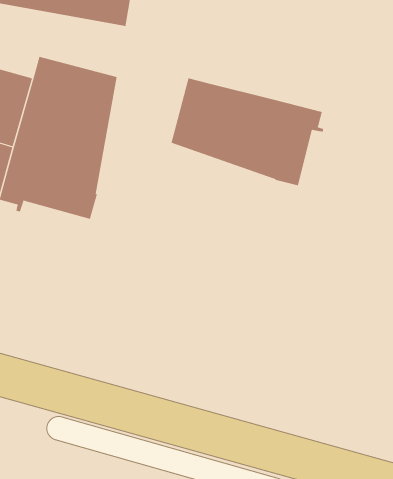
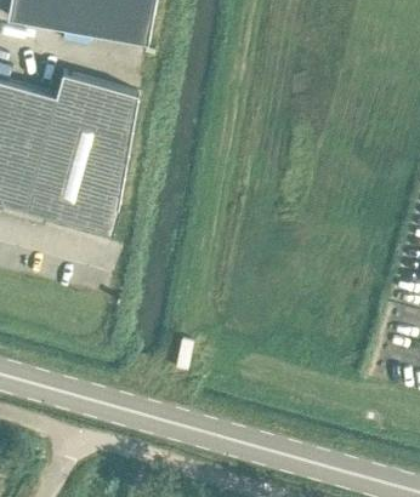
building: [171,78,324,186] -> none

